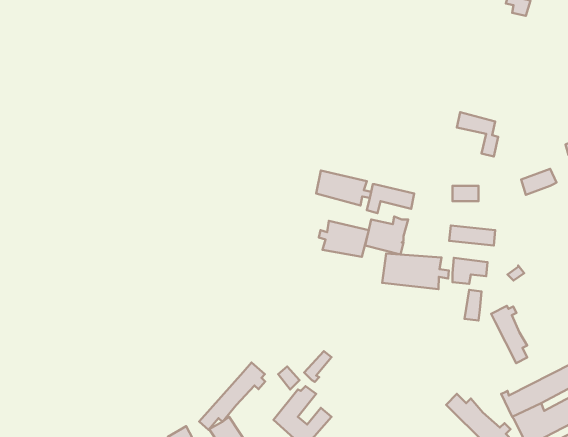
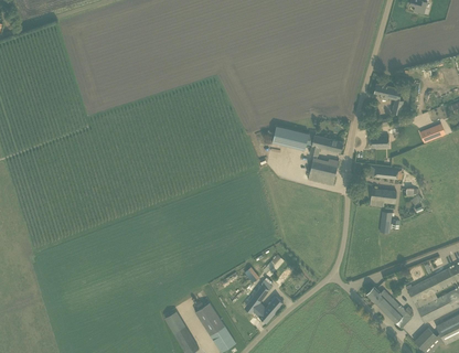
building: [319,221,369,257] -> none
building: [382,254,449,289] -> none
building: [491,306,527,363] -> none
building: [199,363,265,430] -> none

